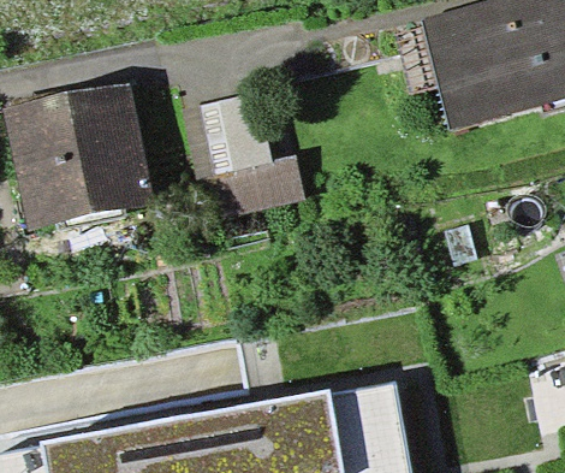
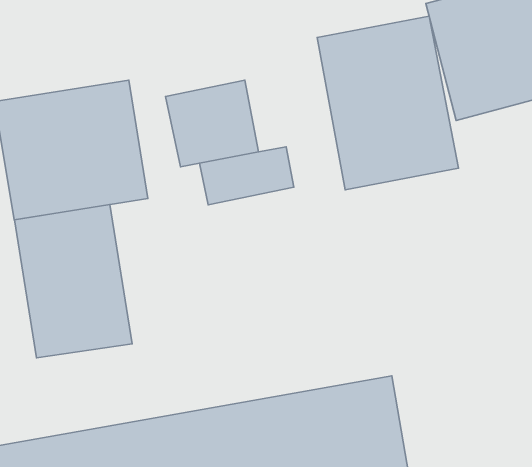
building: none -> [317,16,458,190]
building: none -> [14,205,132,358]

